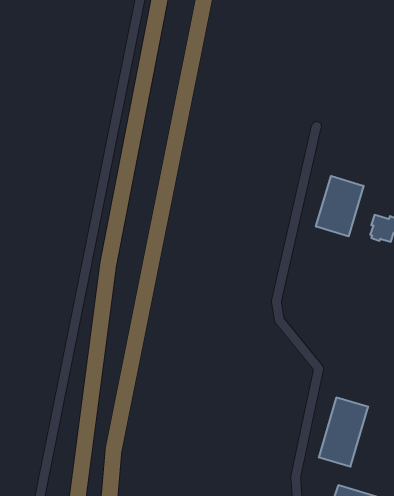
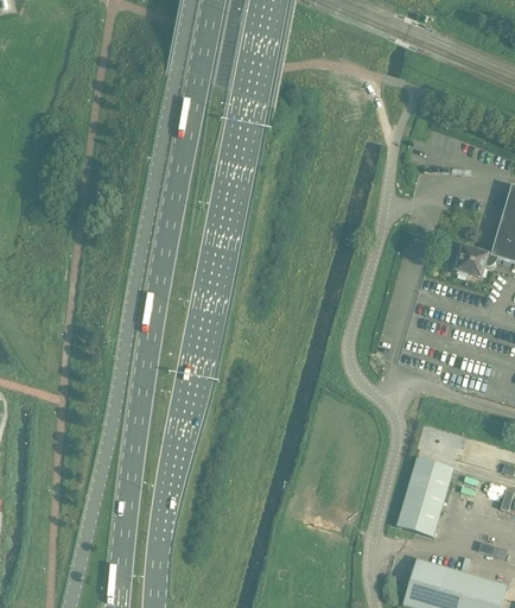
building: [316,176,364,236] -> none

